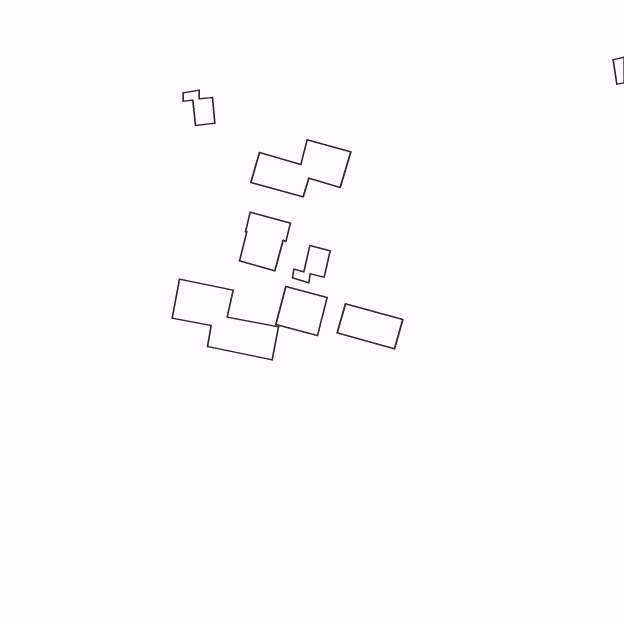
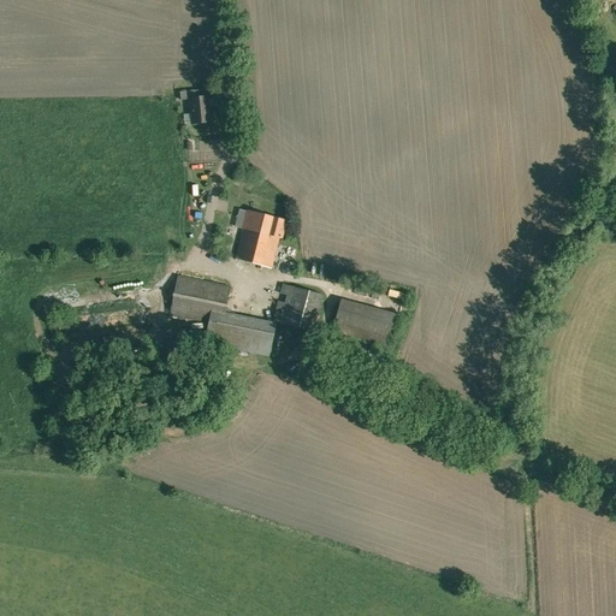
building: [251,140,351,197] -> none
building: [292,246,330,283] -> none

